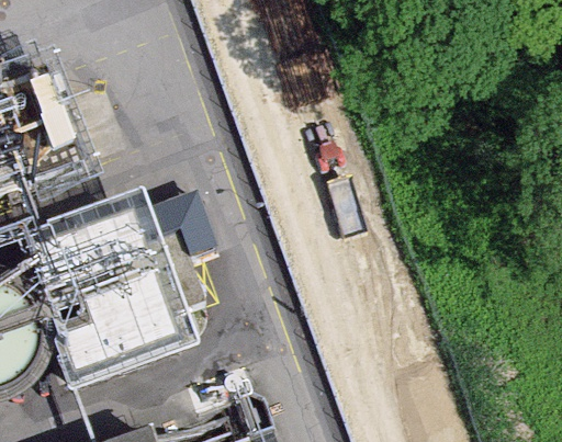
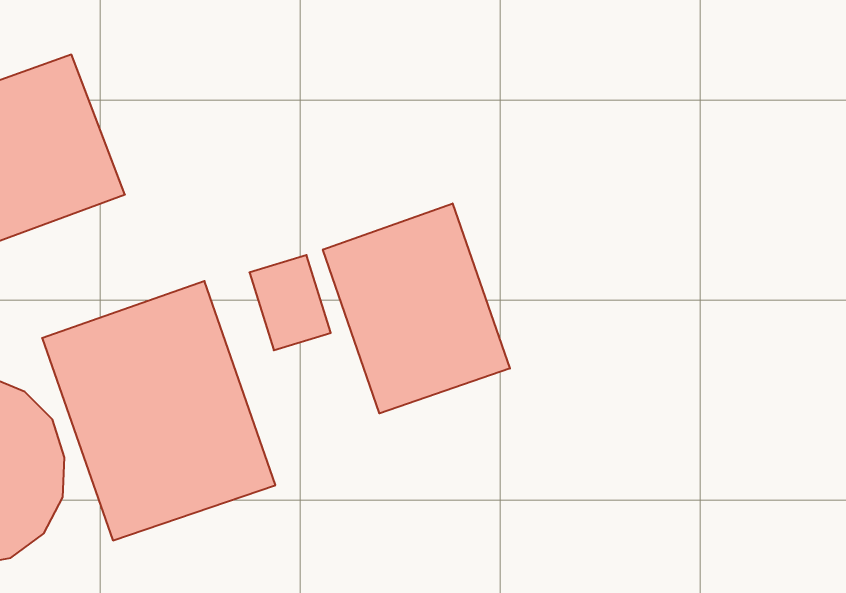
building: none -> [323,203,510,413]

